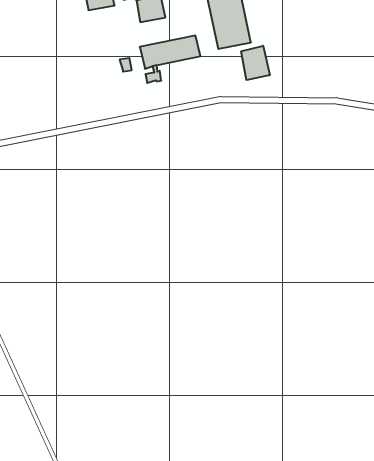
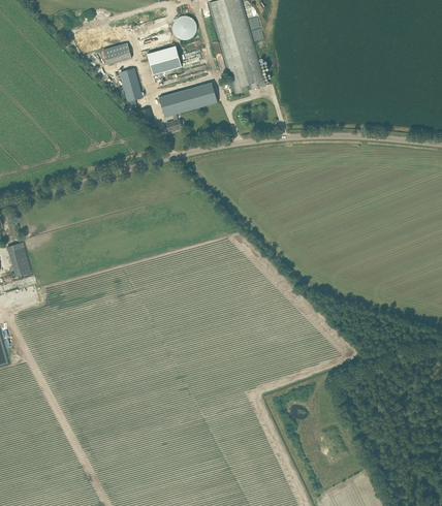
building: none -> [119,68,144,102]
building: [241,46,270,80] -> none

